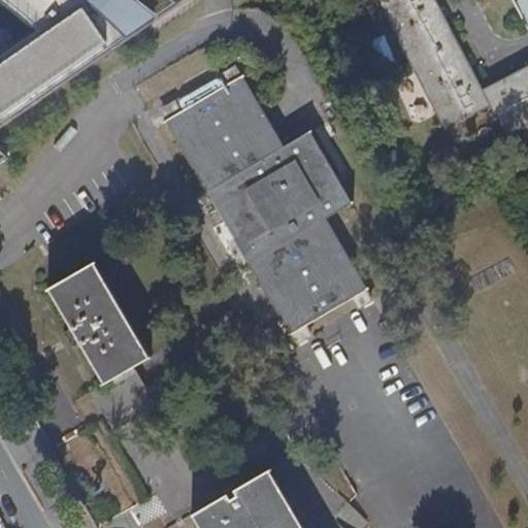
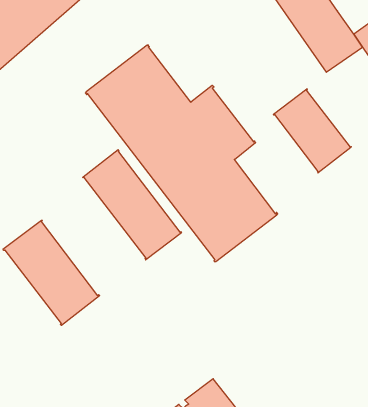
building: none -> [273,89,351,173]
building: none -> [83,150,181,260]

